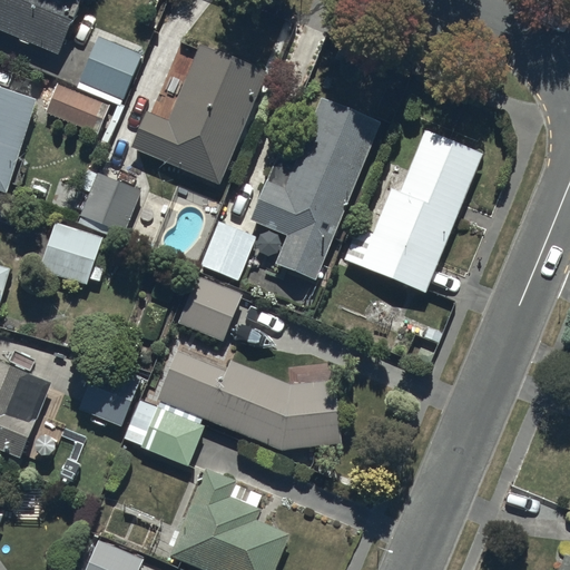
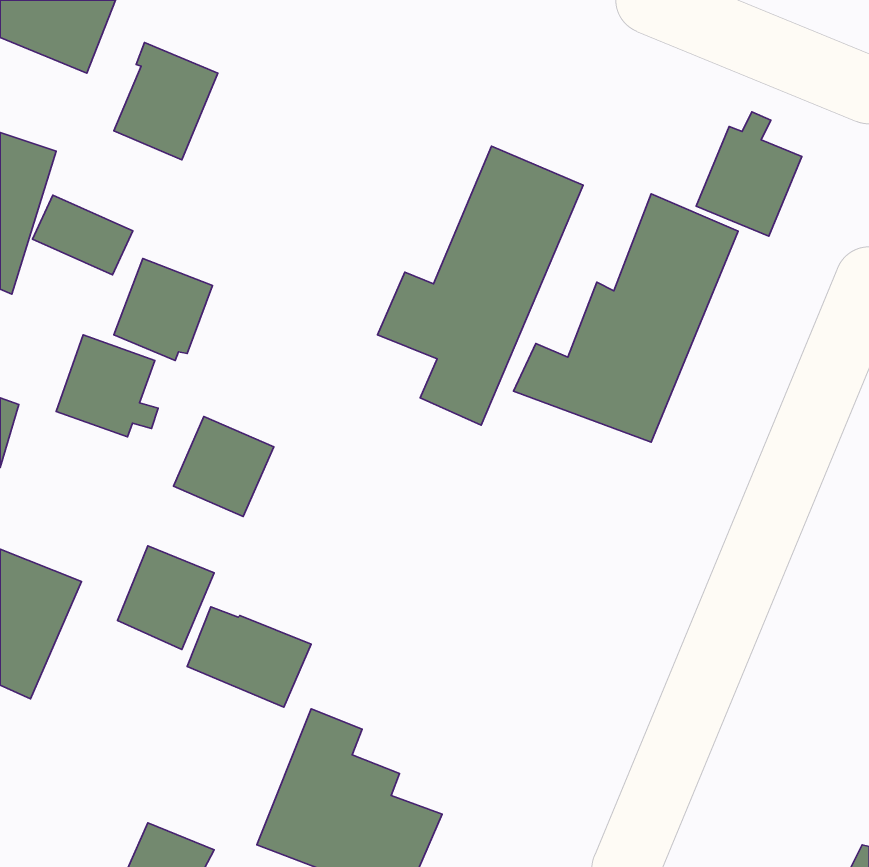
building: [134,45,265,184] -> none
building: none -> [696,112,802,236]
building: [43,82,109,135] -> [32,195,133,275]
building: [199,220,255,281] -> none
building: [176,274,242,340] -> [173,416,274,517]
building: [157,350,342,449] -> none

